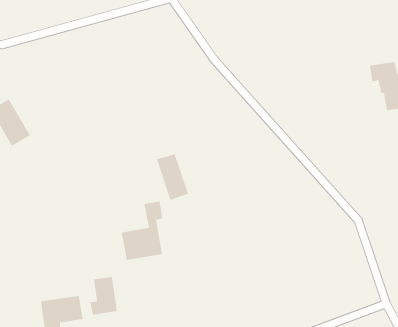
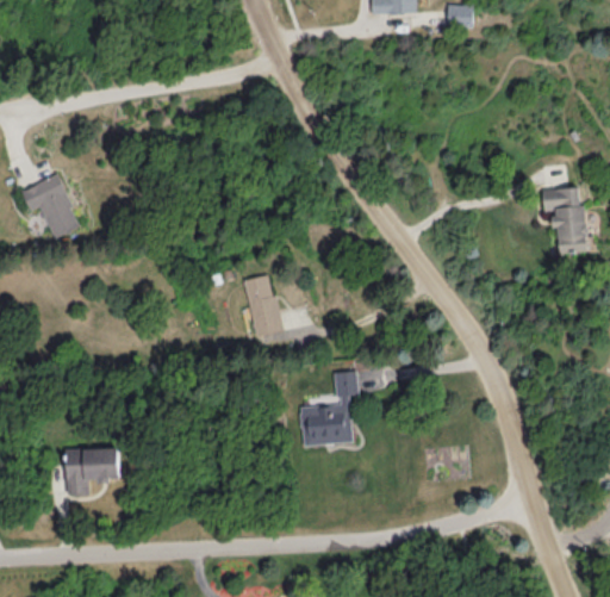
building: [121,201,163,260] -> [300,372,359,446]
building: [90,276,117,316] -> none

